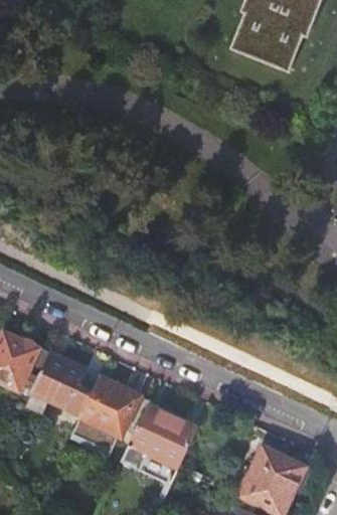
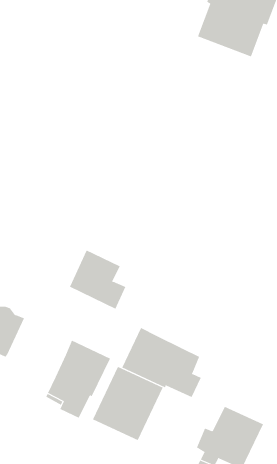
building: [29,350,91,414] -> [69,249,126,309]
building: none -> [122,327,201,398]

